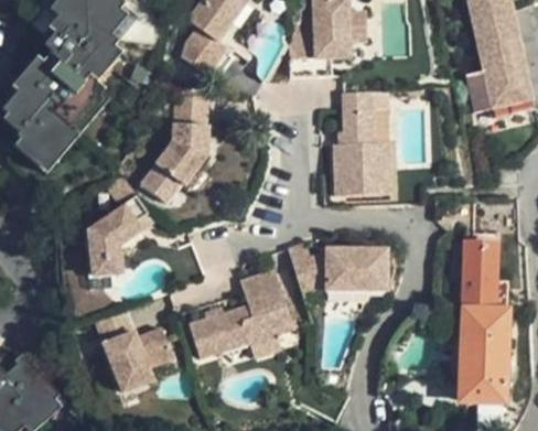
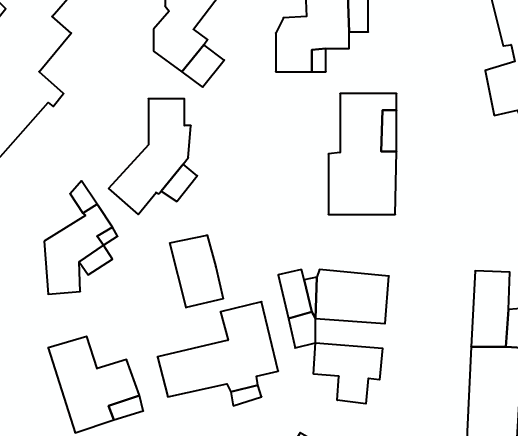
building: none -> [170,235,223,308]
building: none -> [314,343,383,404]

